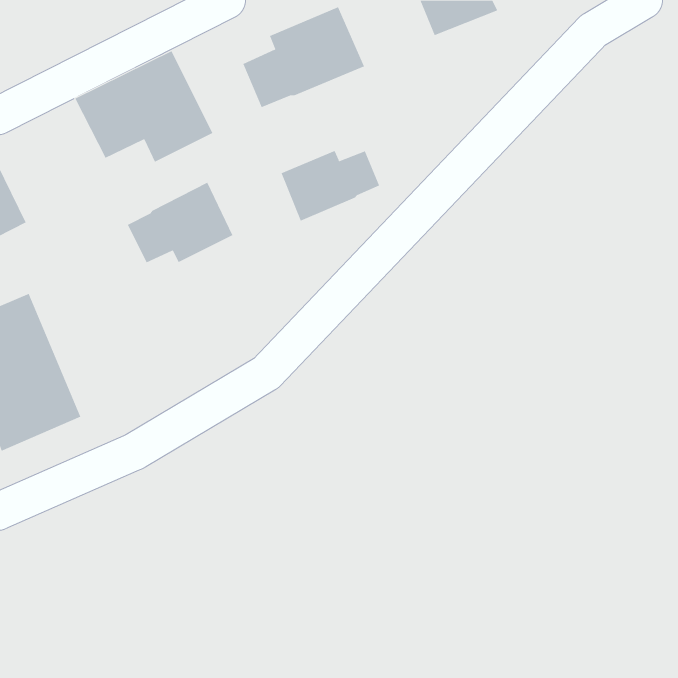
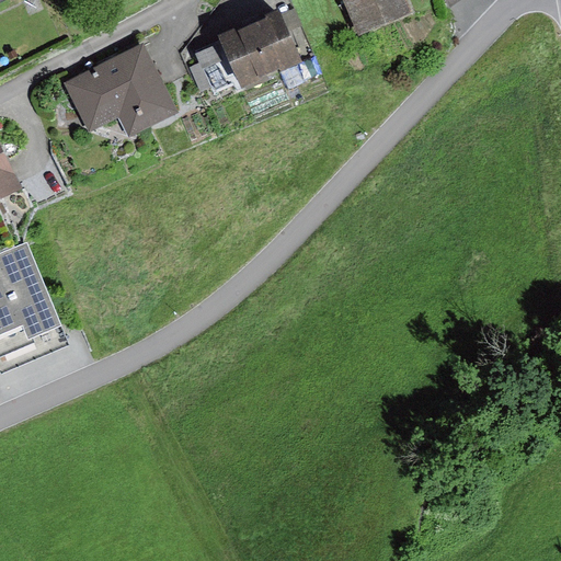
building: [281,150,380,222] -> none
building: [127,182,233,263] -> none

